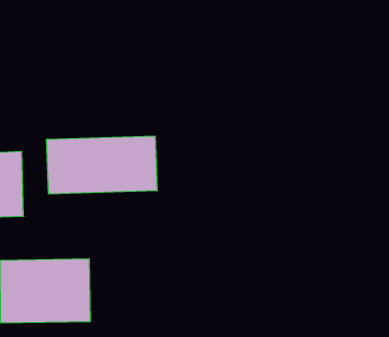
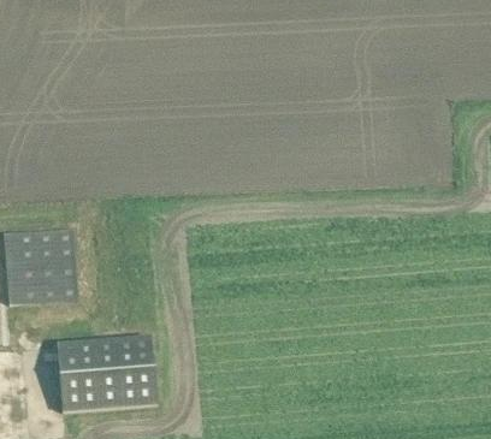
building: [47,136,157,194] -> none

